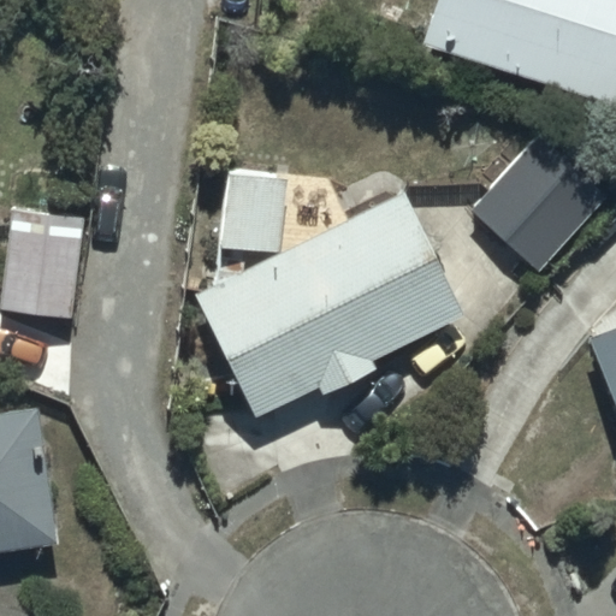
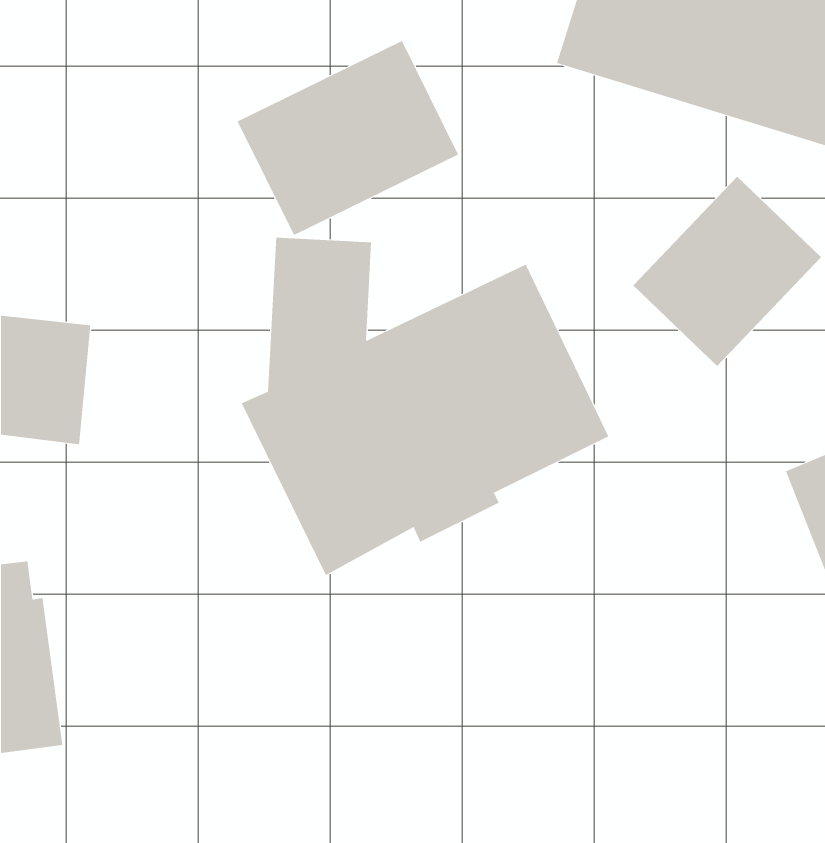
building: none -> [237,40,459,236]

